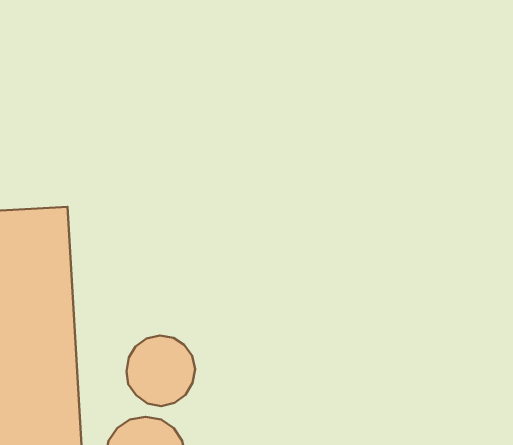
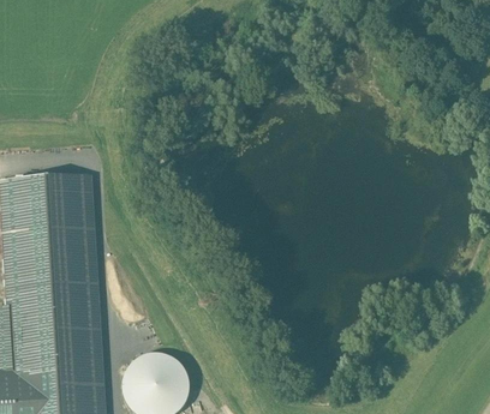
building: [126,336,195,406] -> none

